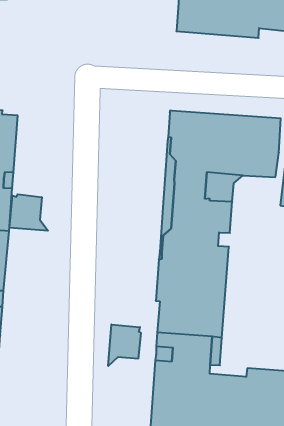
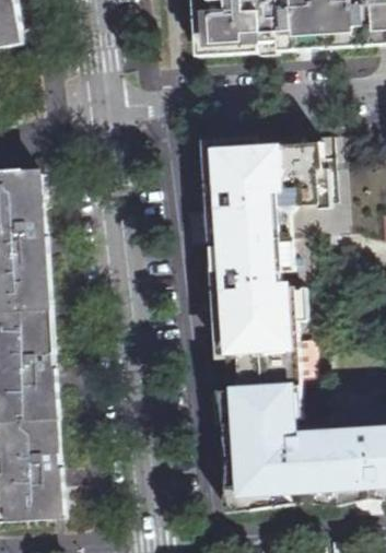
building: [9,194,48,231] -> none
building: [108,324,141,366] -> none

